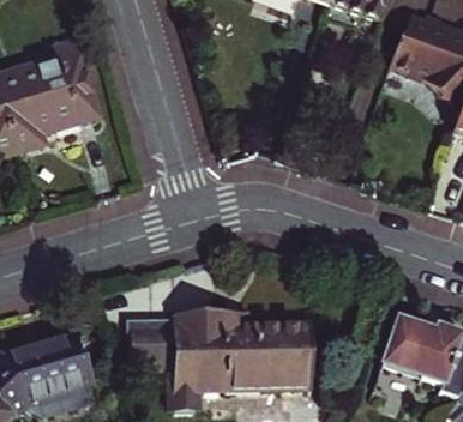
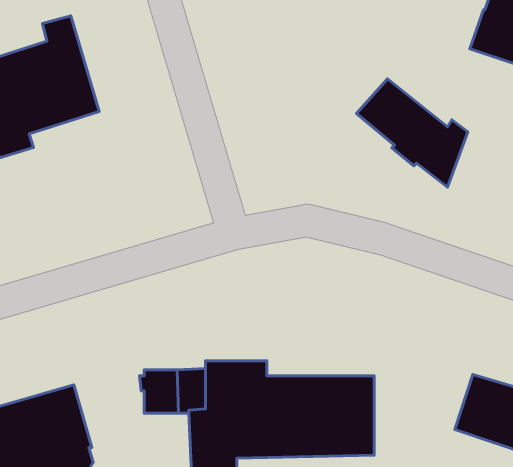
building: none -> [357,79,468,187]

